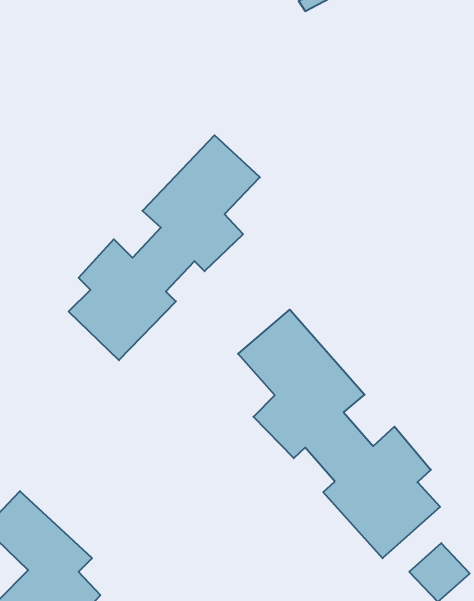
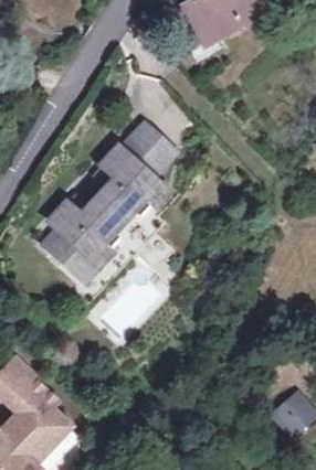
building: [238,310,440,558] -> none

